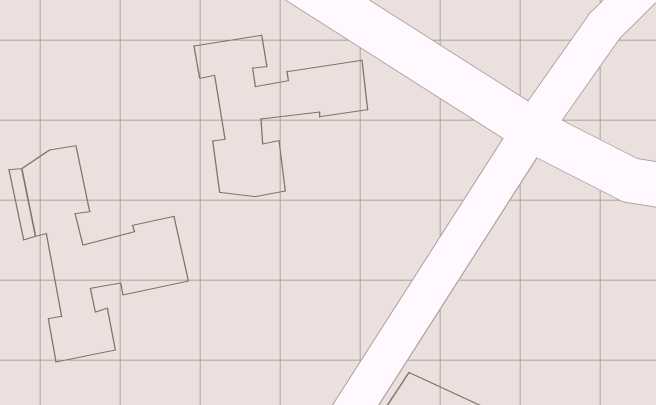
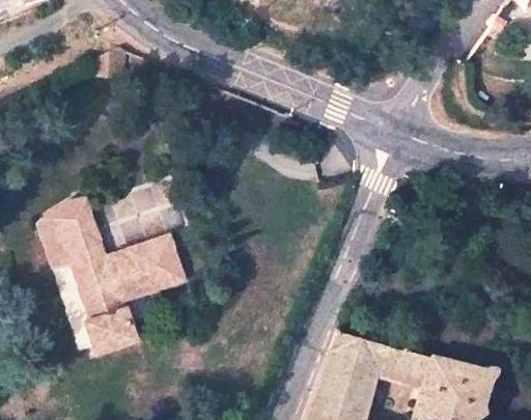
building: [194,35,367,197] -> none

